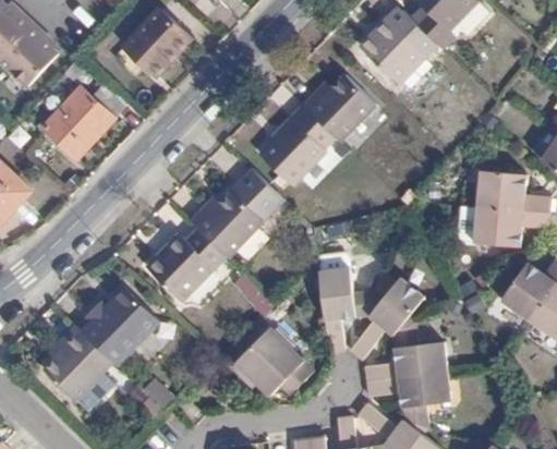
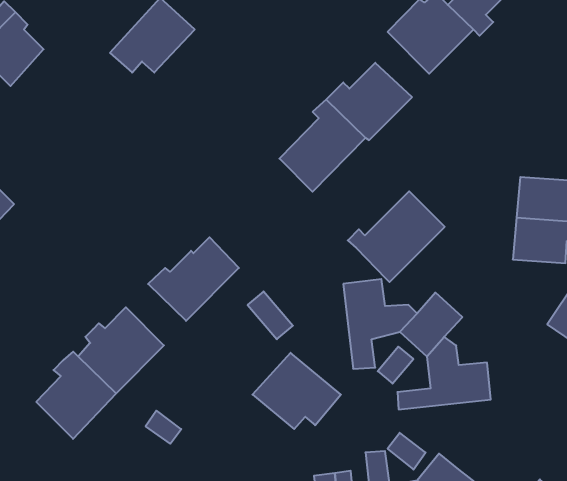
building: [37,84,123,163] -> none
building: [192,175,278,256] -> [348,191,445,282]
building: [367,369,452,432] -> none

